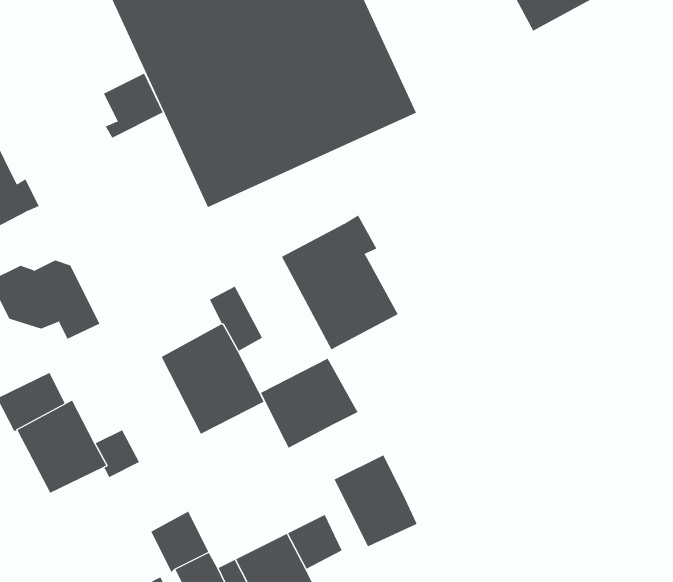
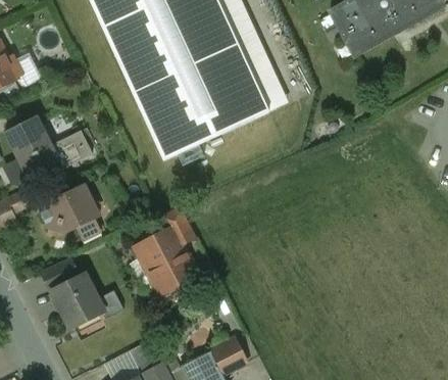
building: [103,73,164,139] -> [56,129,92,168]
building: [281,214,398,350] -> none
building: [260,358,358,448] -> none
building: [334,454,417,547] -> none

